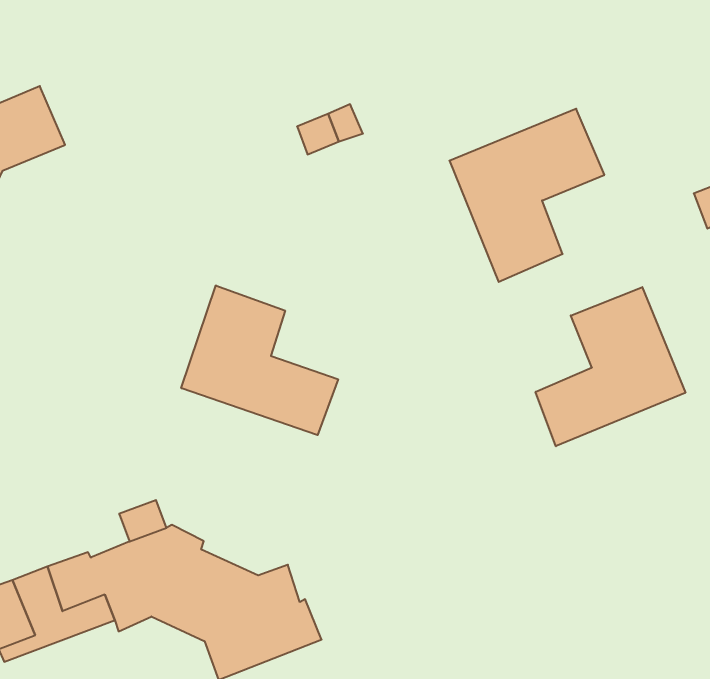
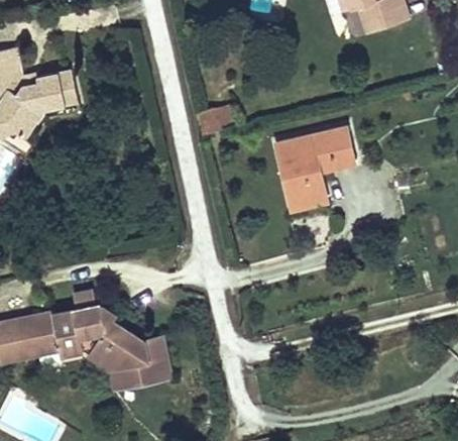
building: [181,285,338,435] -> none
building: [536,287,685,446] -> none

